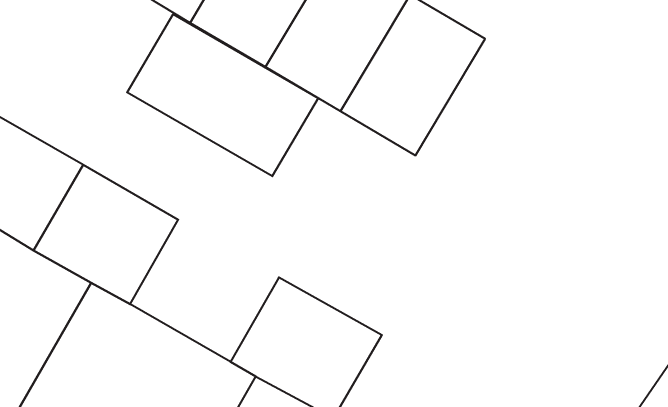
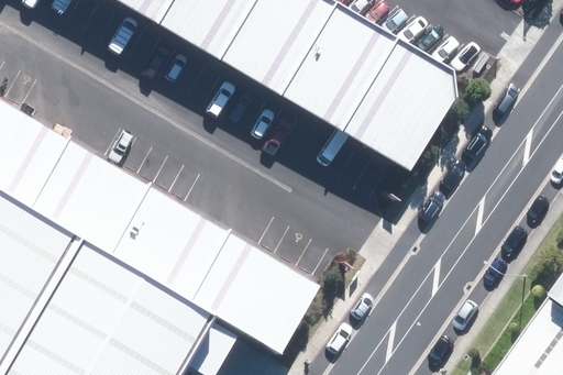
building: [127,14,318,176] -> none
building: none -> [344,38,463,172]
building: none -> [110,187,232,304]

